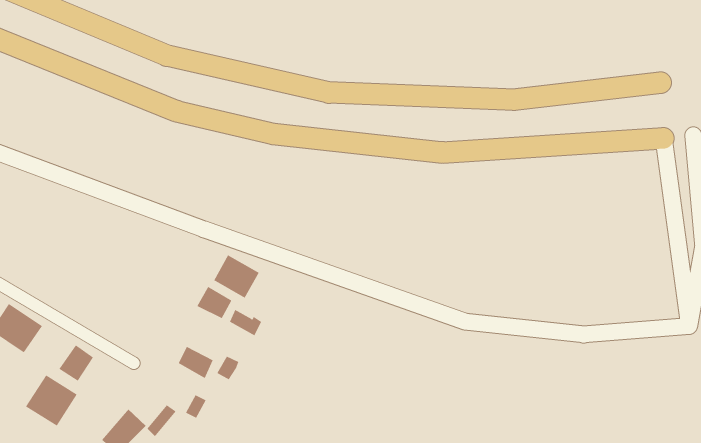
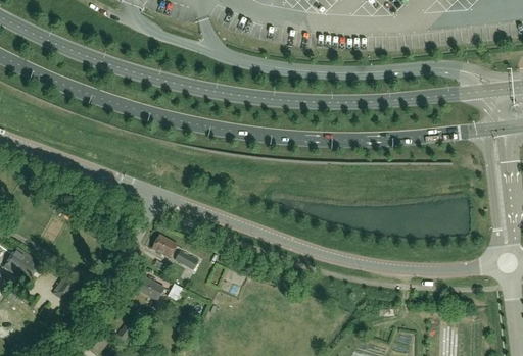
building: [213,254,259,298] -> none
building: [25,374,78,427] -> none

